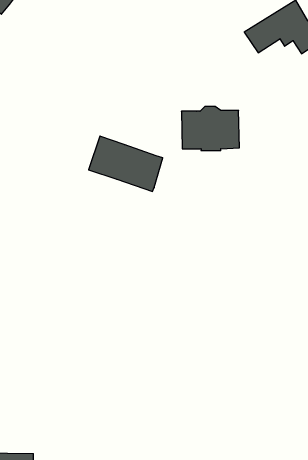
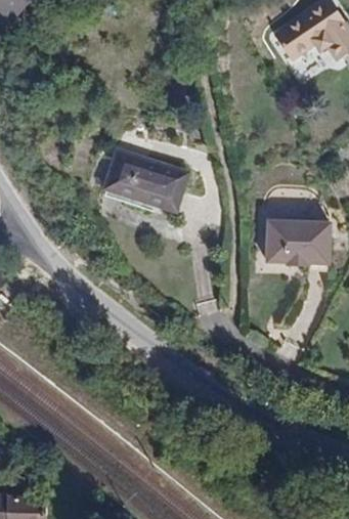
building: [181,107,239,151] -> [267,221,331,269]

